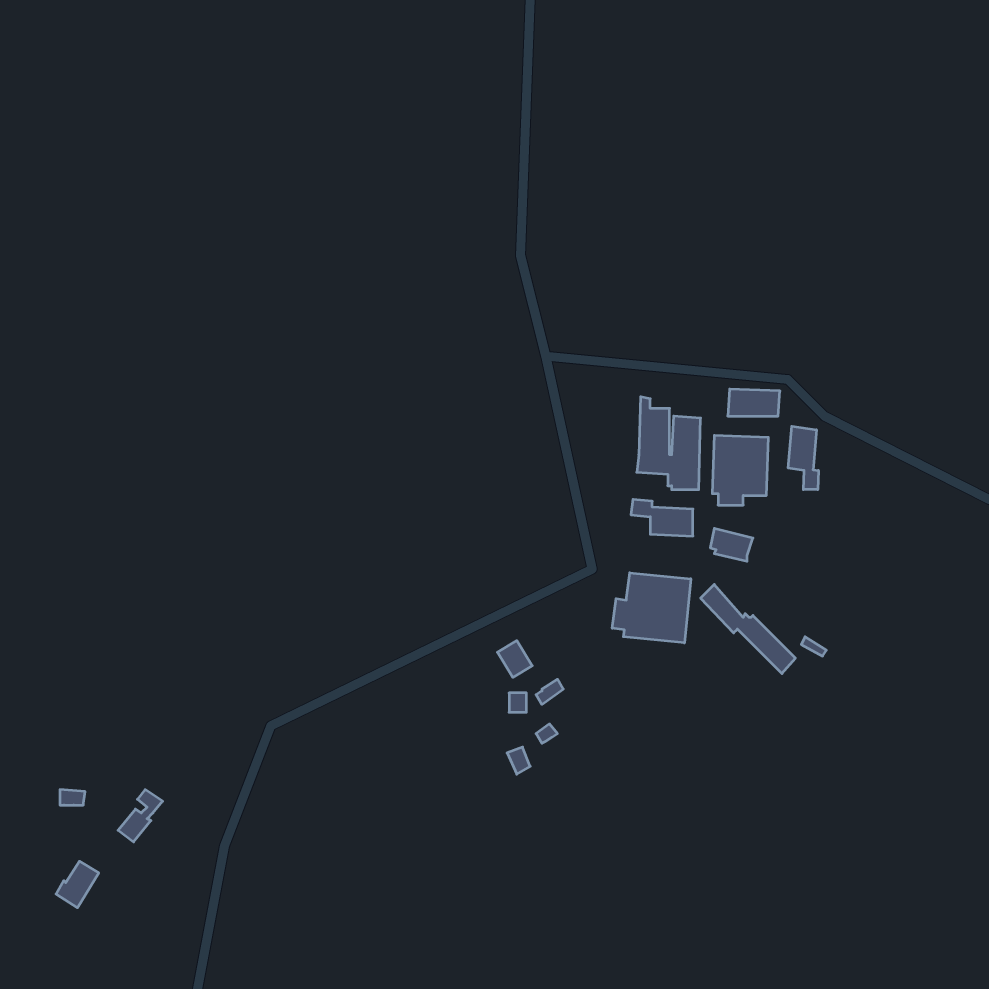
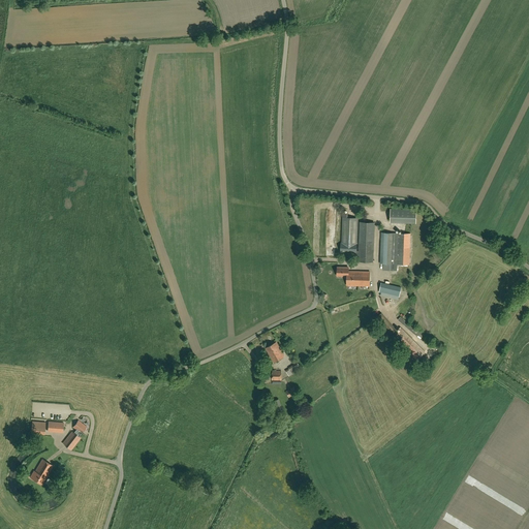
building: [788,426,818,490] -> none
building: [612,573,691,643] -> none

